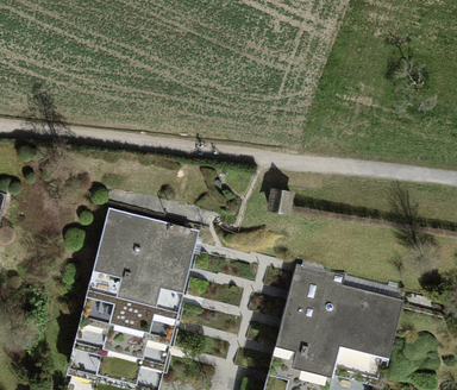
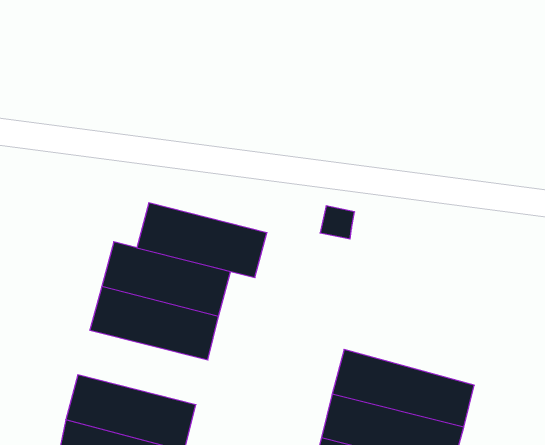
building: [289,262,401,320] -> none
building: [77,276,181,335] -> [137,203,267,278]

